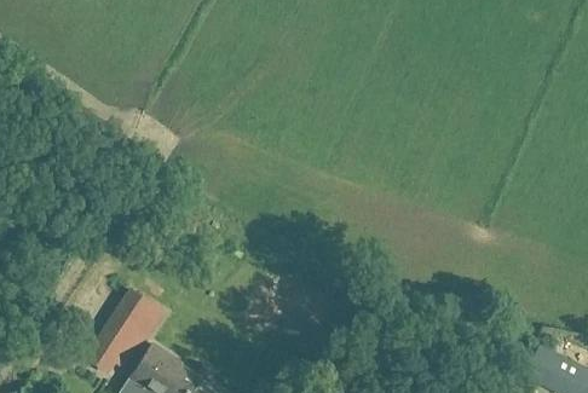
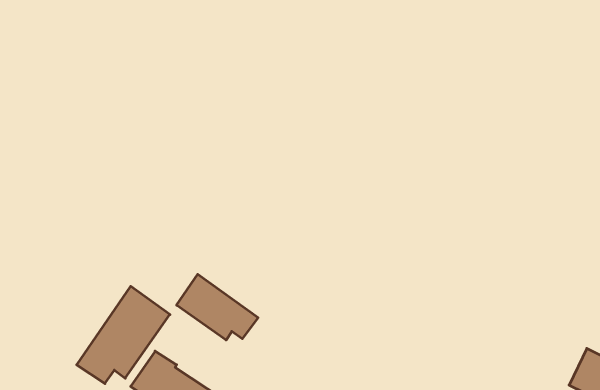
building: none -> [177,274,258,340]

